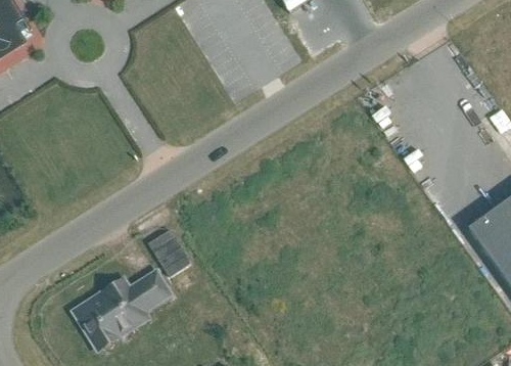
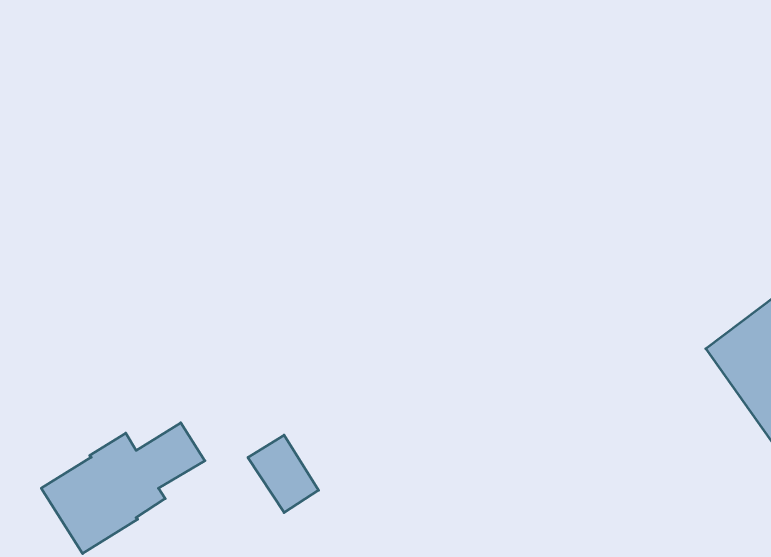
building: [149,230,191,276] -> [248,435,319,513]

